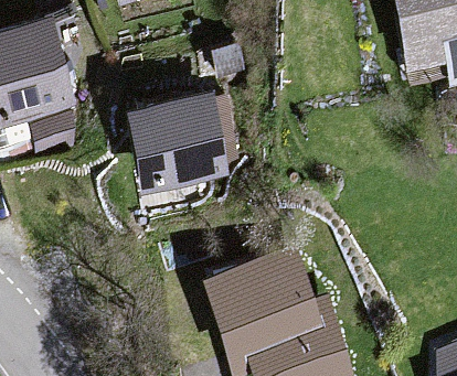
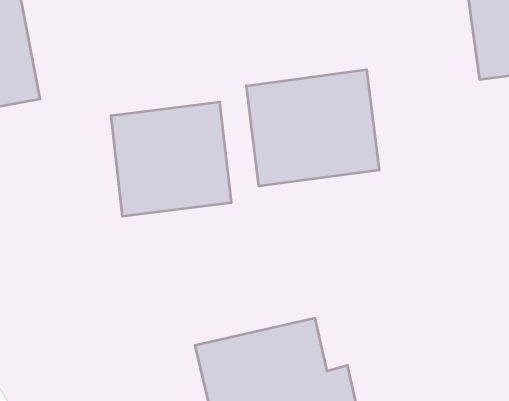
building: none -> [246,70,379,186]

